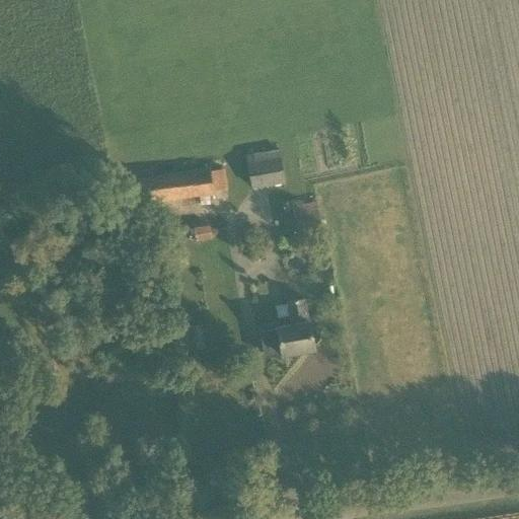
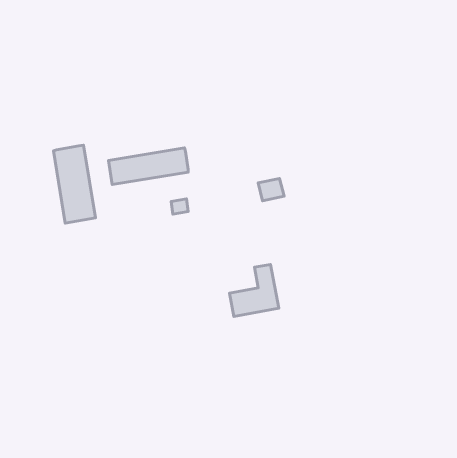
building: [246,149,287,191] -> none
building: none -> [53,145,95,223]

